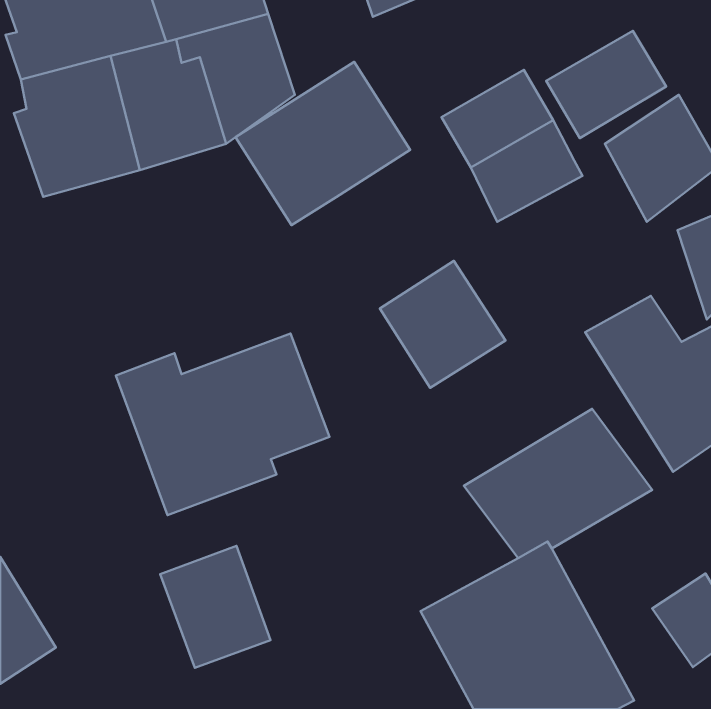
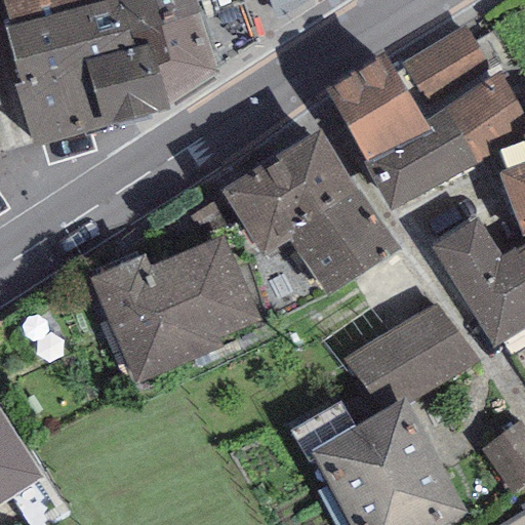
building: [236,62,410,225] -> [207,127,335,247]
building: none -> [367,106,477,209]
building: [160,546,270,668] -> none

